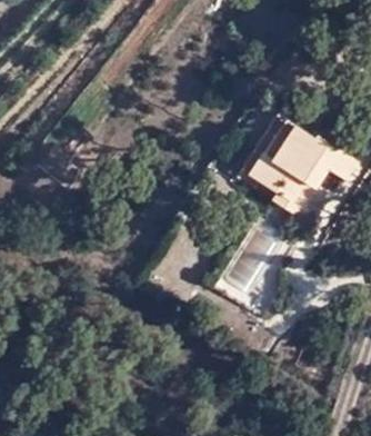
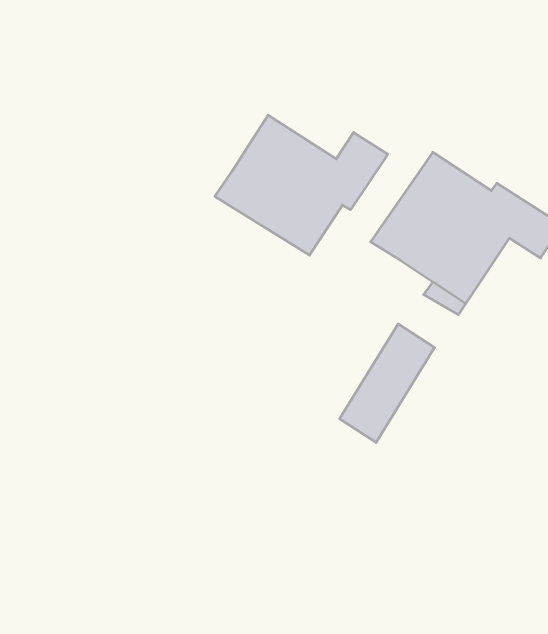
building: none -> [215,115,388,255]

